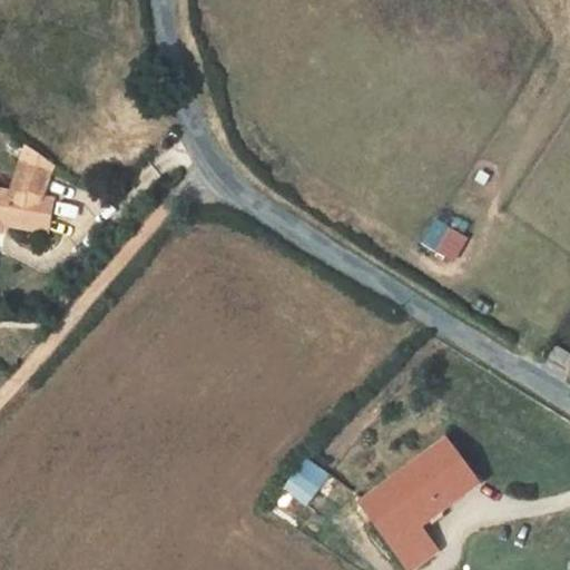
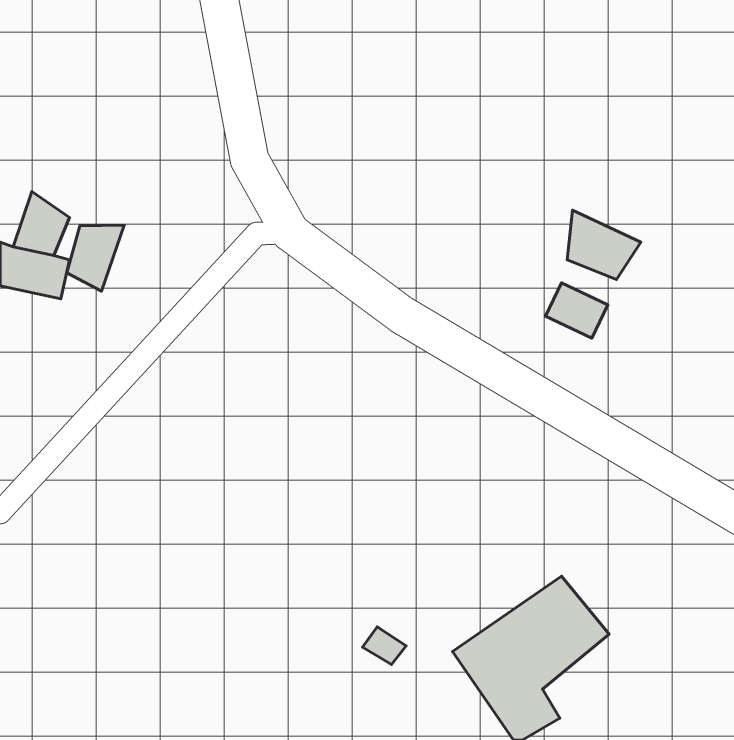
building: none -> [567,210,641,279]
building: none -> [67,225,124,291]

